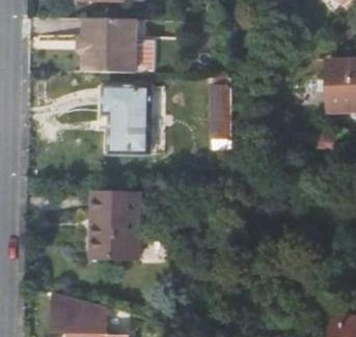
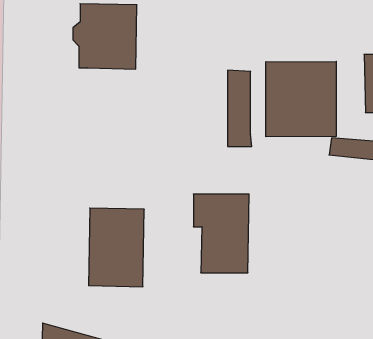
building: none -> [266,61,336,137]
building: [102,85,149,152] -> [193,194,249,273]

